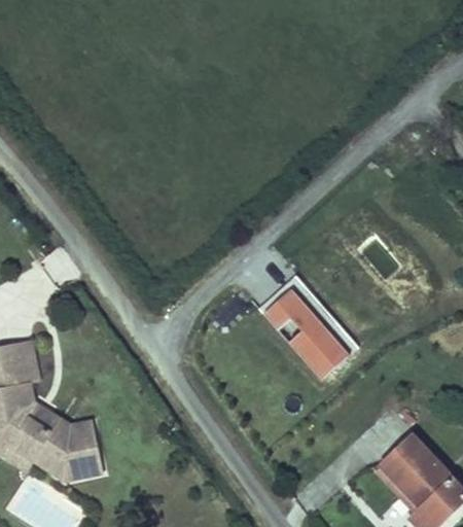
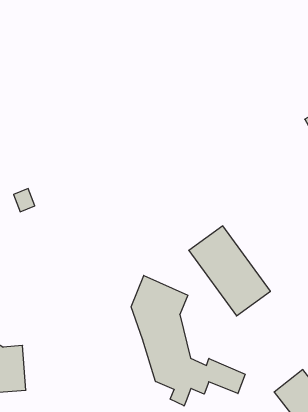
building: none -> [131,275,245,406]

